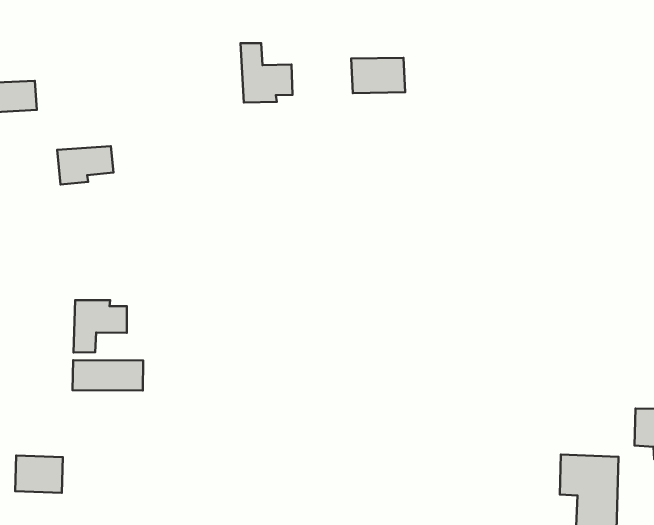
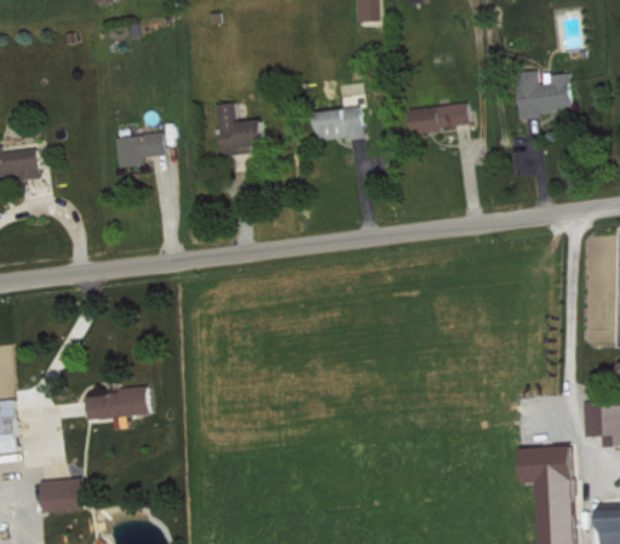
building: none -> [516,73,570,115]
building: none -> [408,102,469,132]
building: [57,146,113,184] -> [114,131,165,167]
building: [73,300,127,352] -> none

